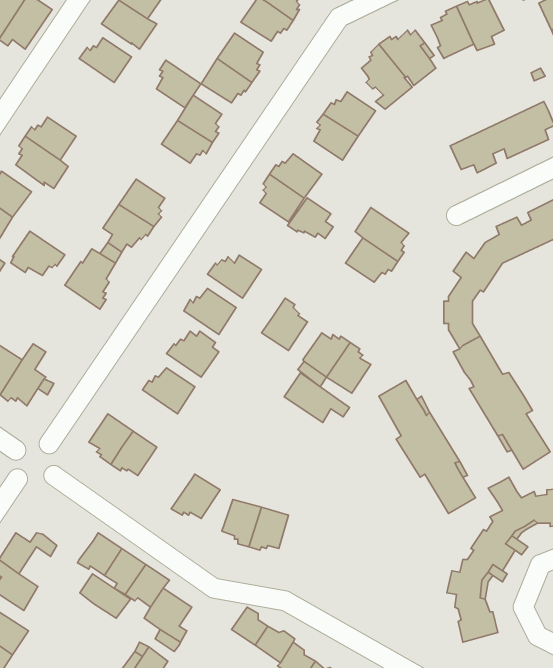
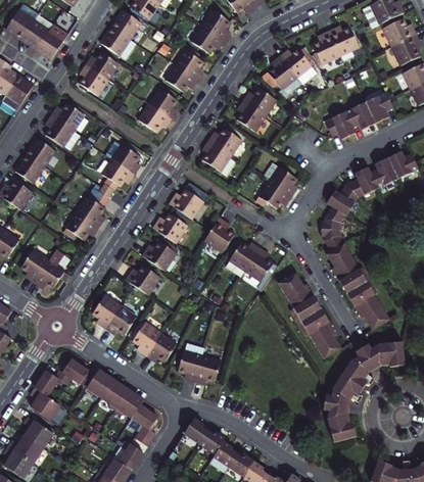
building: [156,60,201,108] -> [80,65,108,96]
building: [288,198,333,239] -> none
building: [11,231,65,276] -> [64,211,99,240]
building: [284,373,350,423] -> none
building: none -> [132,322,160,355]
building: [80,574,130,618] -> [62,359,95,388]

